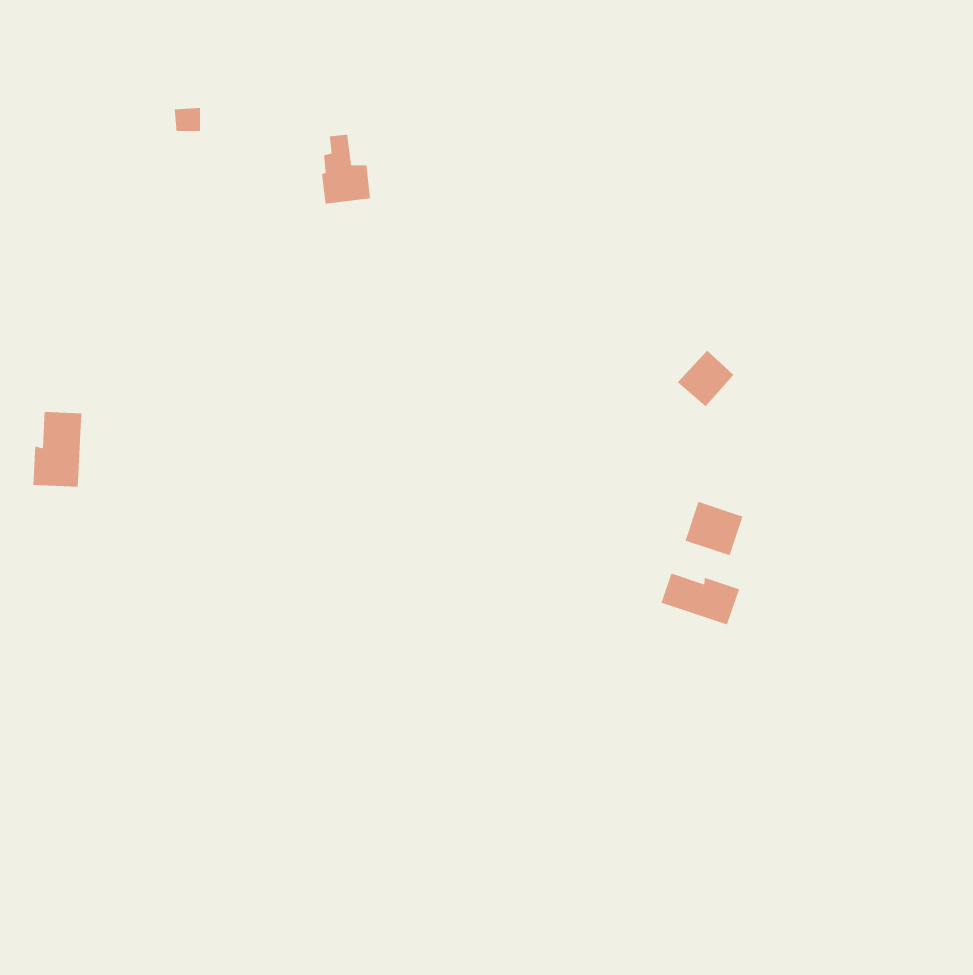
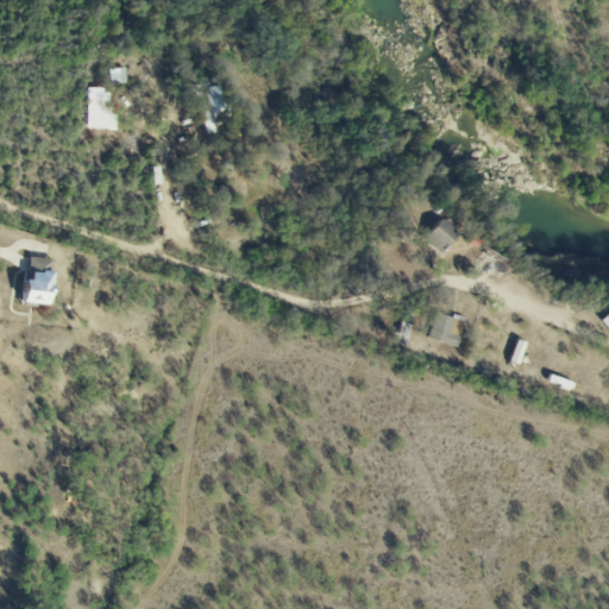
building: none -> [88,95,115,127]
building: [661,573,740,626] -> none

